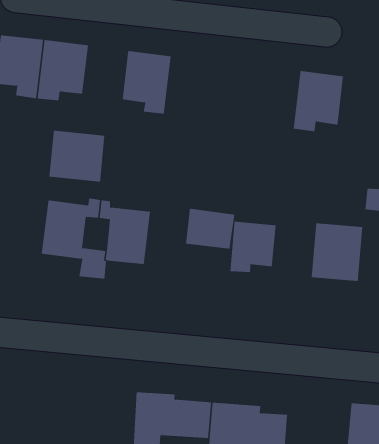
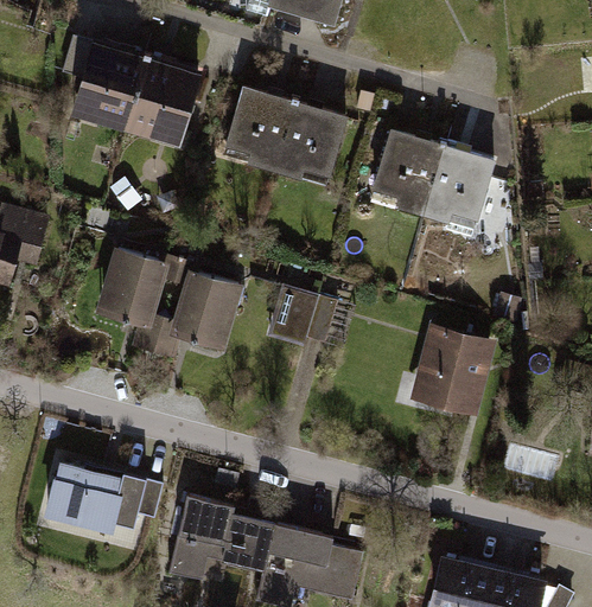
building: none -> [274,104,346,180]
building: none -> [375,132,444,215]
building: [49,130,105,182] -> none
building: [230,221,276,273] -> none
building: none -> [46,462,163,529]

